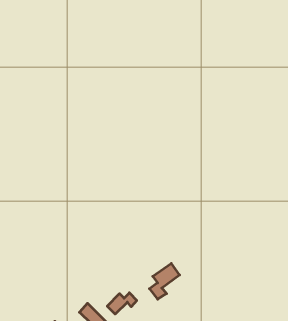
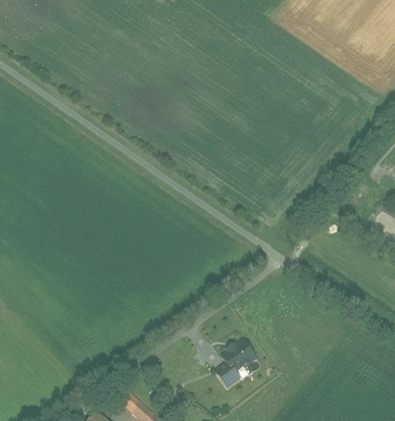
building: [107,293,137,314] -> none

